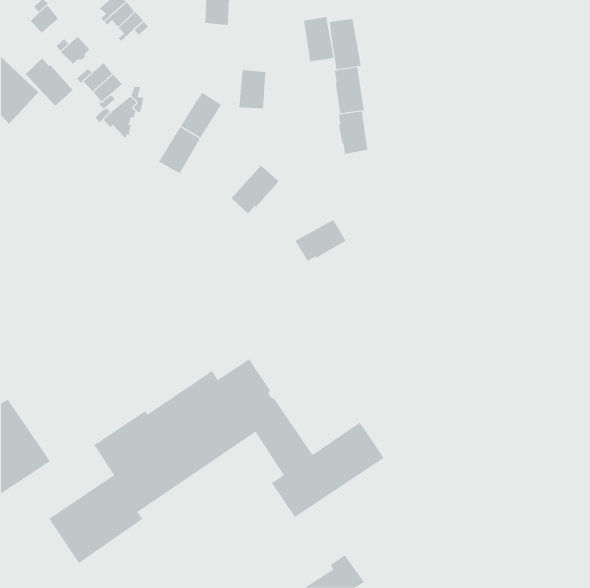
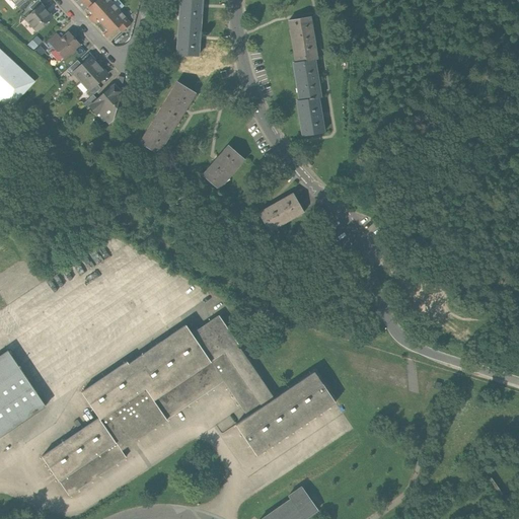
building: [303,16,334,62] -> none
building: [25,58,74,107] -> none
building: [238,70,266,109] -> [176,20,201,55]

